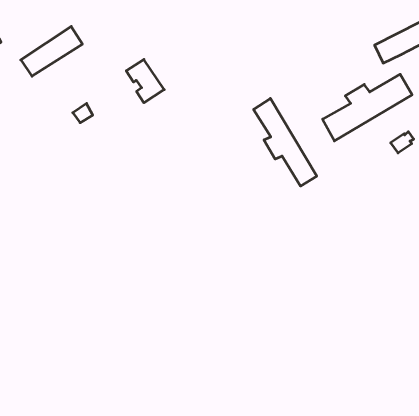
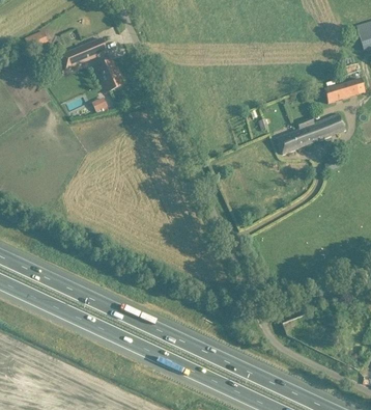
building: [126,59,164,103] -> [95,61,121,93]
building: [254,98,317,186] -> none

